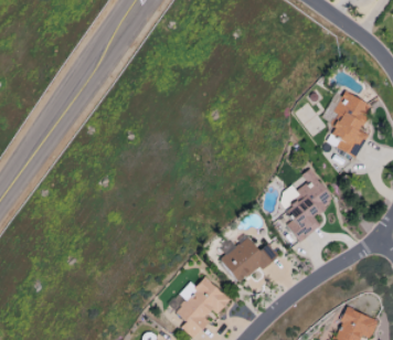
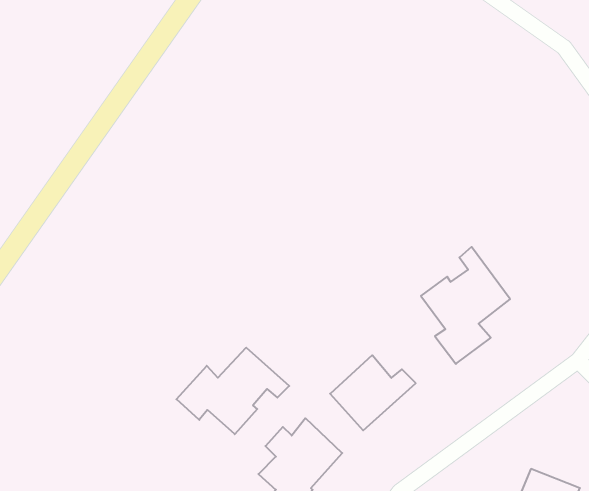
building: [328,92,371,157] -> none
building: none -> [176,348,289,434]

